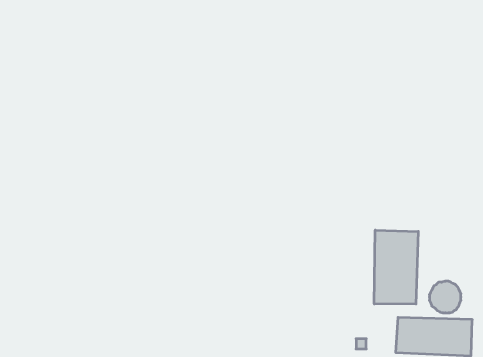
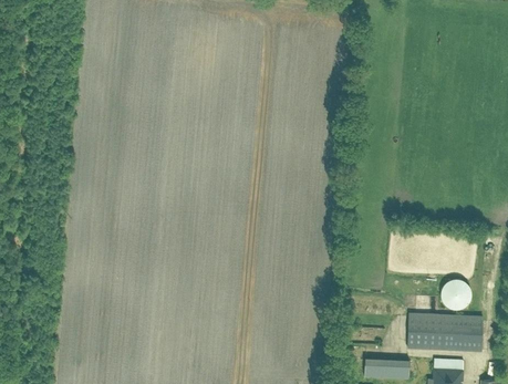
building: [374,230,418,304] -> none

